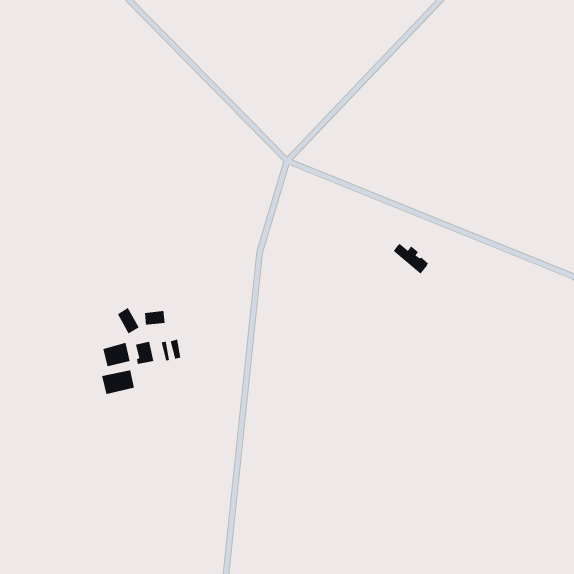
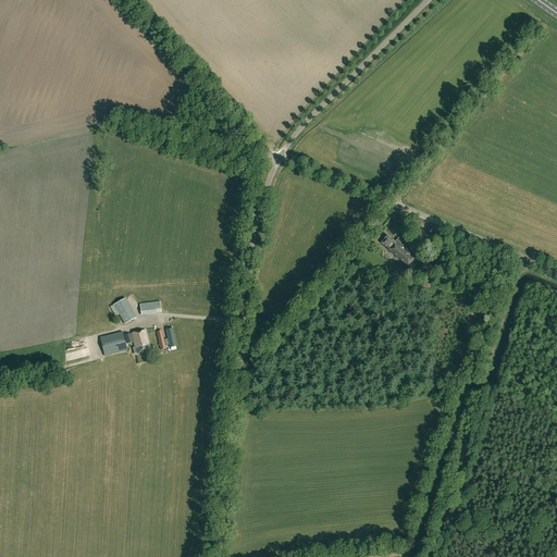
building: [101,370,135,395] -> none

